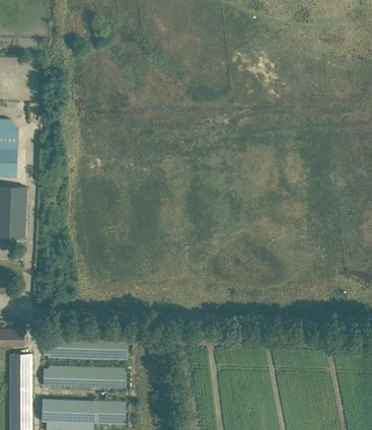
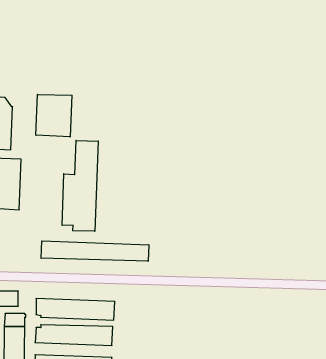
building: none -> [36,94,72,137]
building: none -> [62,140,98,231]
building: none -> [41,241,149,261]

